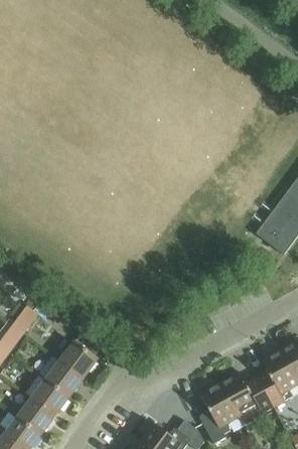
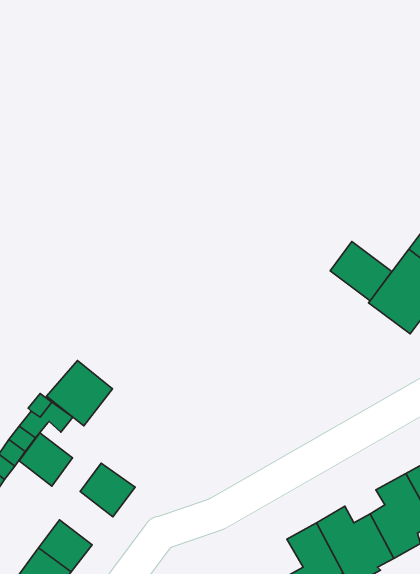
building: none -> [330,242,392,301]
building: none -> [47,361,112,426]
building: [45,361,82,398] -> [19,433,73,486]

